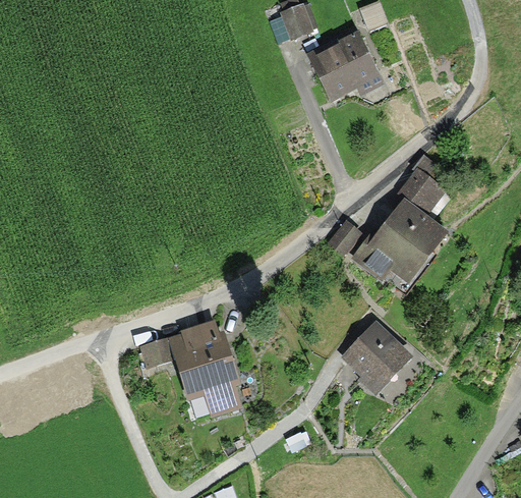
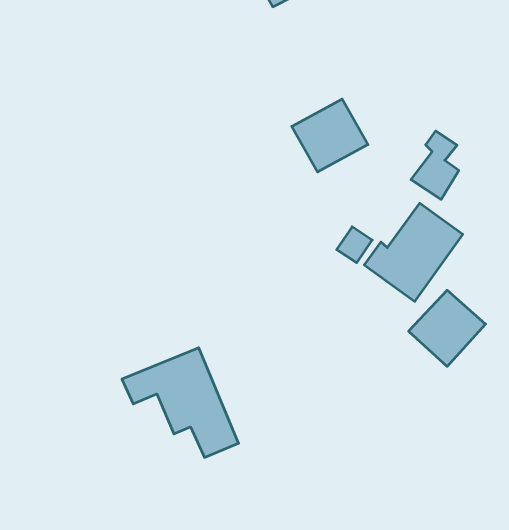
building: [314,42,378,102] -> [292,99,368,172]
building: [347,329,412,393] -> [409,290,486,366]

